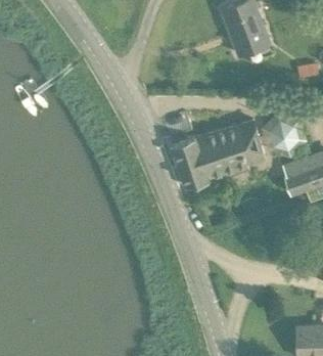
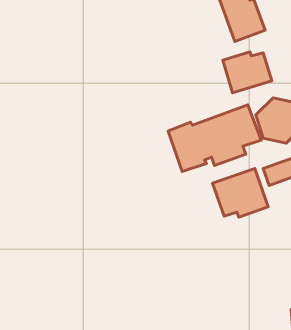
building: none -> [223,52,272,93]
building: none -> [212,168,268,217]

